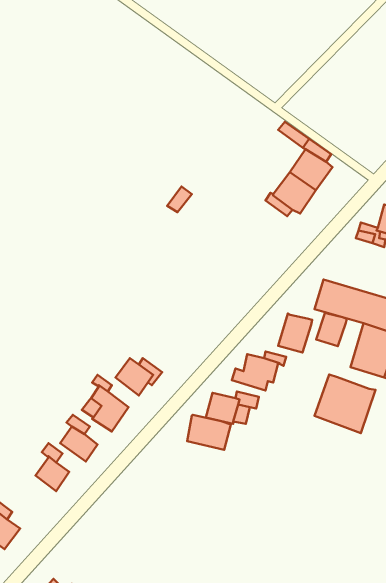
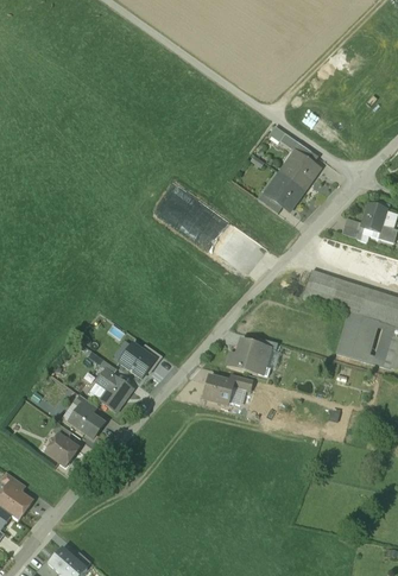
building: [316,312,347,346] -> none
building: [278,313,312,352] -> none
building: [314,374,375,433] -> none
building: [187,415,231,450] -> none

